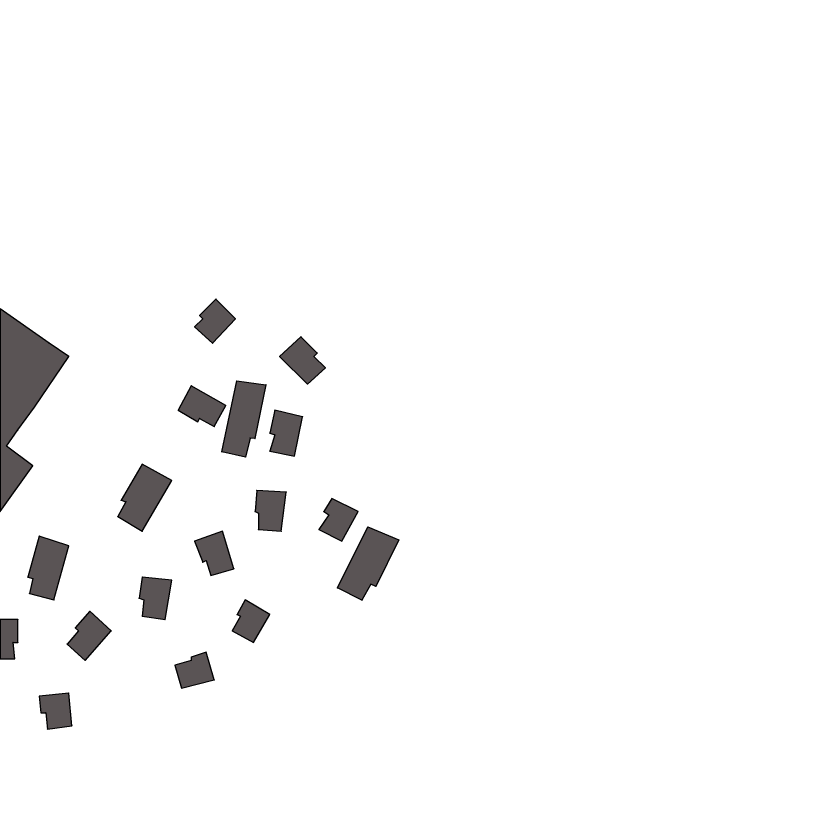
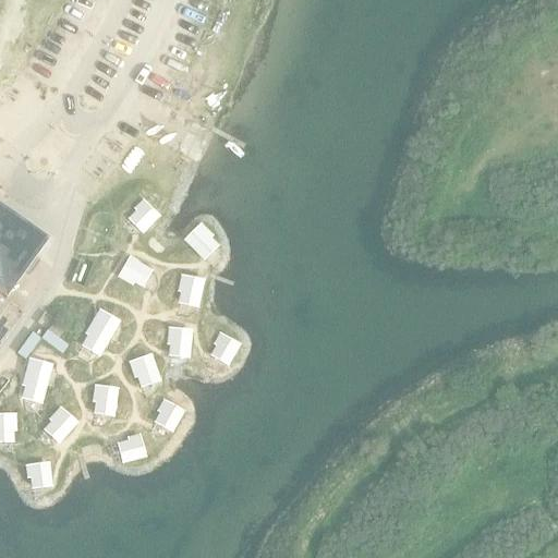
building: [222,381,266,457] -> none
building: [337,527,399,600] -> none

